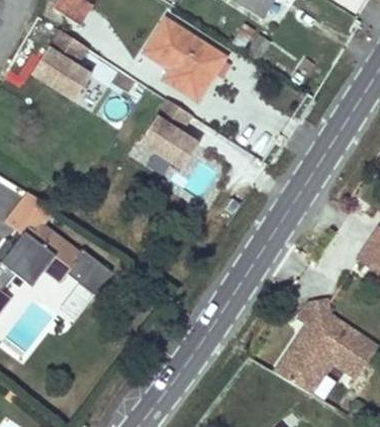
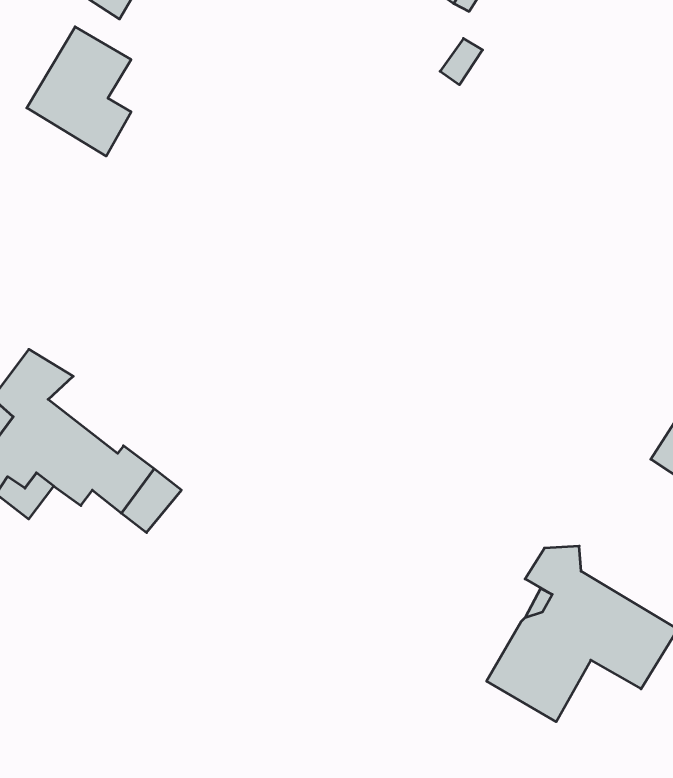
building: [146,19,226,100] -> none
building: [139,99,197,169] -> none

